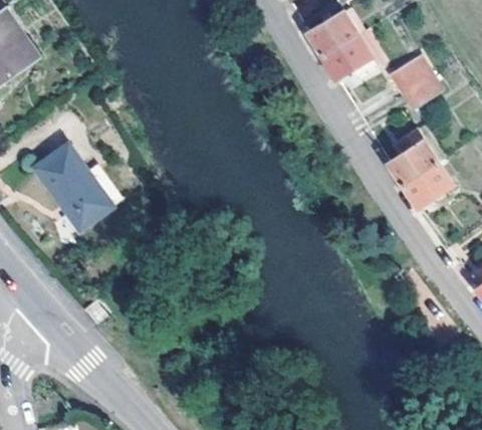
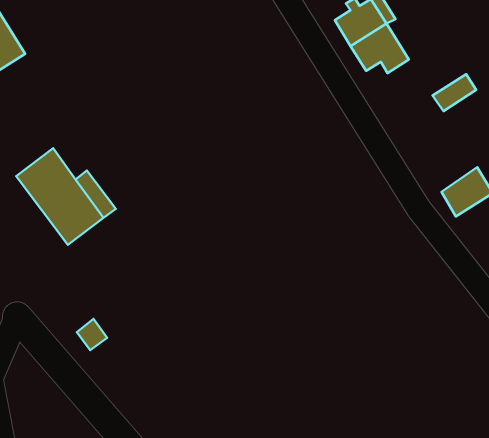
building: [386,57,429,97] -> none
building: [393,131,439,184] -> none

